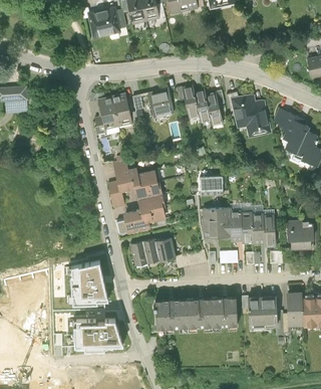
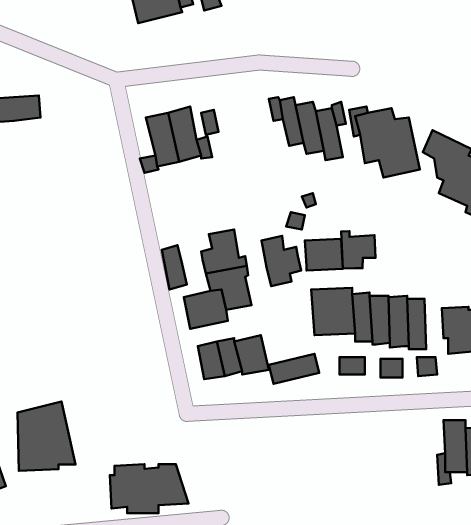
building: [147,87,175,118] -> none
building: [114,160,139,192] -> [262,236,301,286]
building: none -> [341,231,375,268]
building: [72,260,109,305] -> [17,401,76,471]
building: [248,296,277,328] -> none
building: [155,297,238,329] -> none

